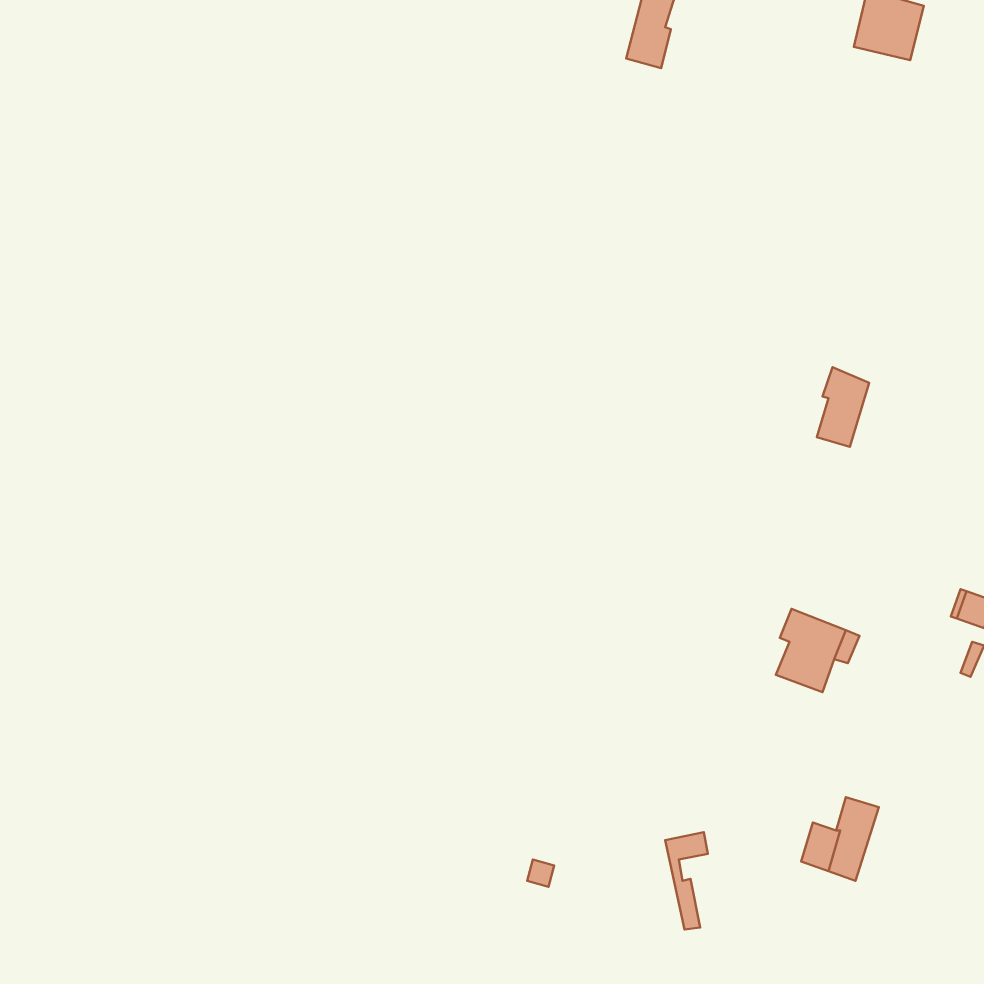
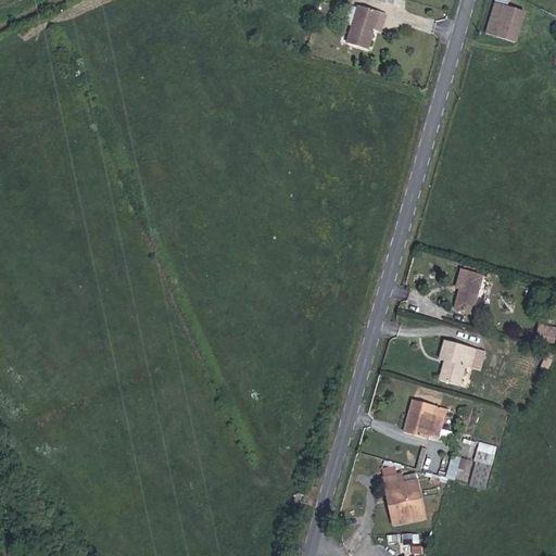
building: [817,367,869,447] -> [459,270,489,315]
building: none -> [401,397,439,440]
building: none -> [384,475,422,518]

